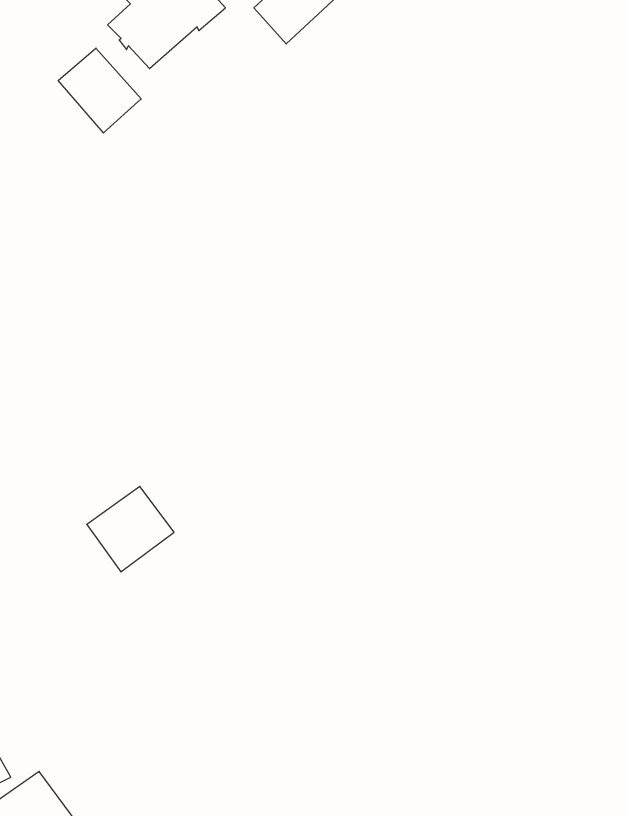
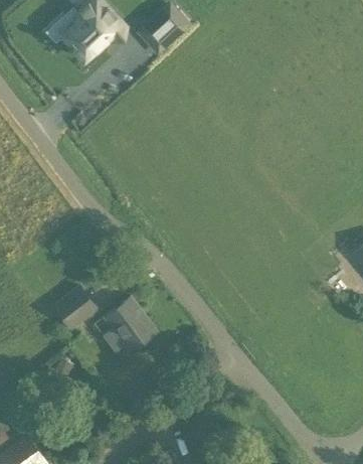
building: [58,48,141,133] -> none
building: none -> [102,298,155,359]

